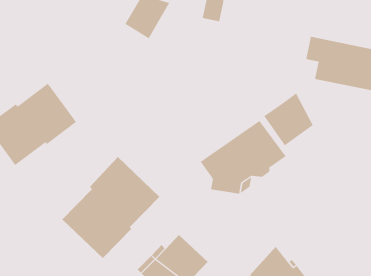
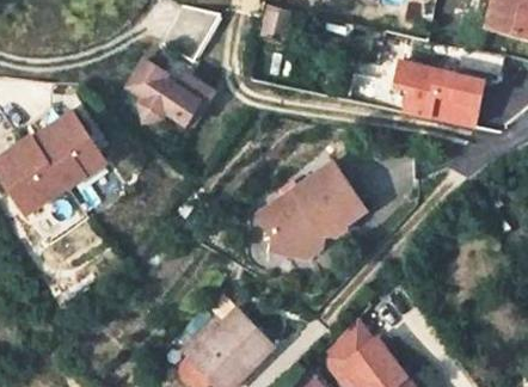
building: none -> [129,63,205,124]
building: [264,92,313,146] -> none
building: [62,156,160,259] -> none

